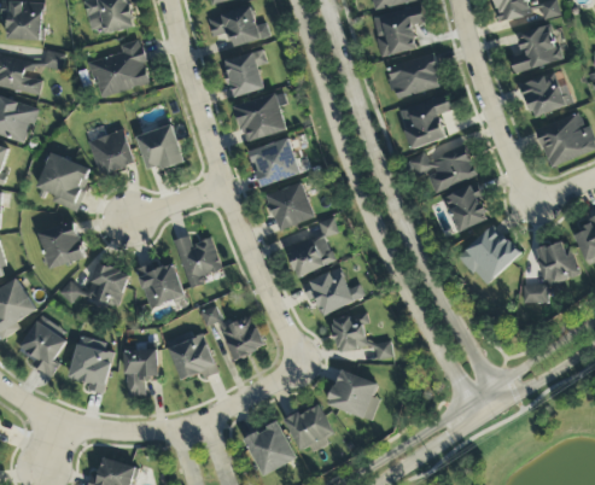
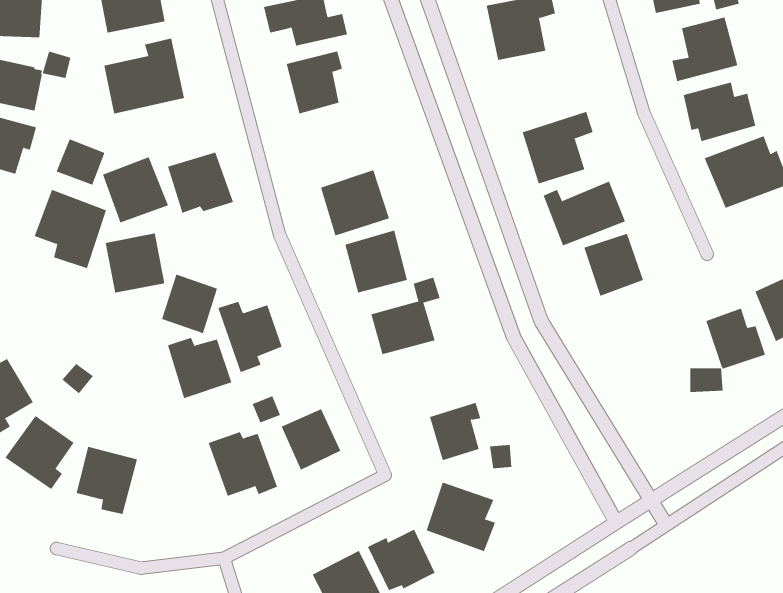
building: [385,54,441,98] -> none
building: [234,93,287,142] -> none
building: none -> [56,139,105,186]
building: [39,223,83,268] -> [105,233,165,293]
building: [457,224,520,286] -> none
building: [86,262,128,306] -> [161,274,218,334]
building: [299,267,364,315] -> none
building: [123,350,158,396] -> none

